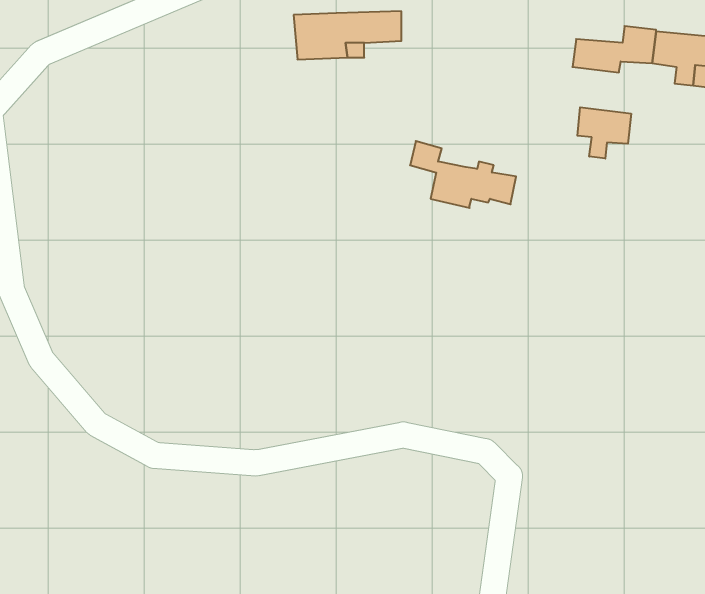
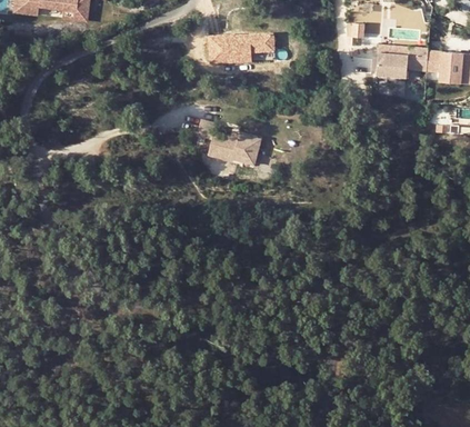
building: [577,107,631,159] -> none
building: [410,141,516,208] -> [193,120,257,160]

